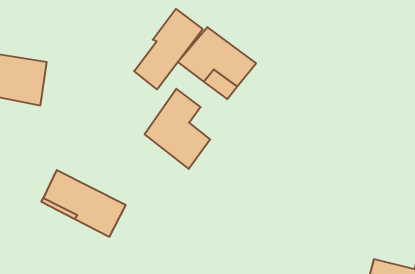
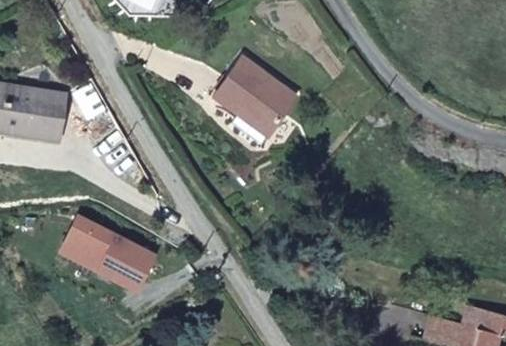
building: [134,9,203,89] -> none
building: [145,89,210,169] -> none

